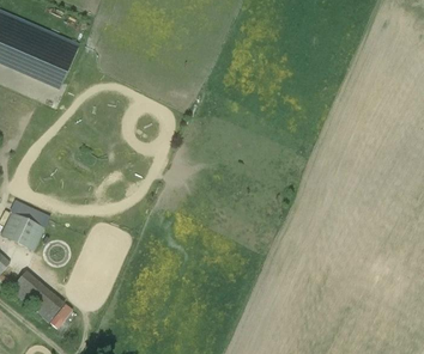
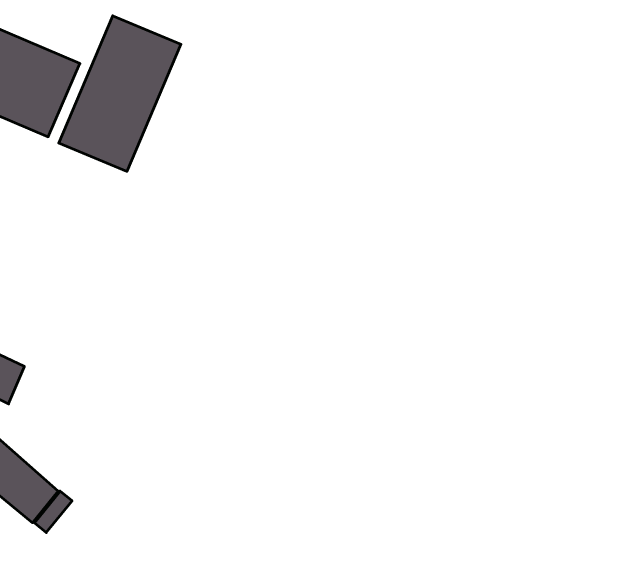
building: none -> [59,16,181,171]

